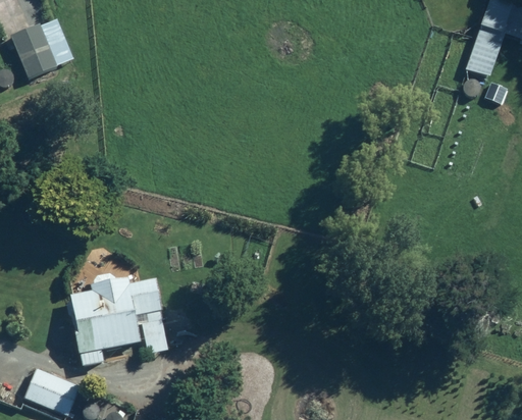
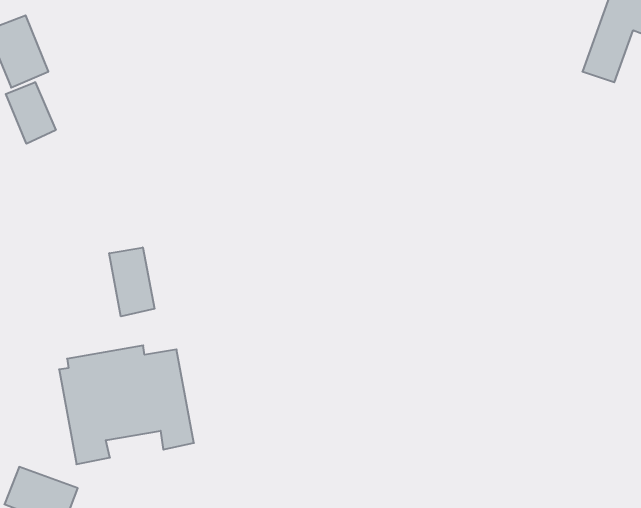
building: none -> [6,82,56,144]
building: none -> [109,247,155,316]

